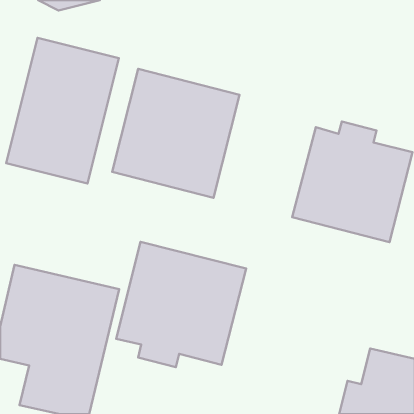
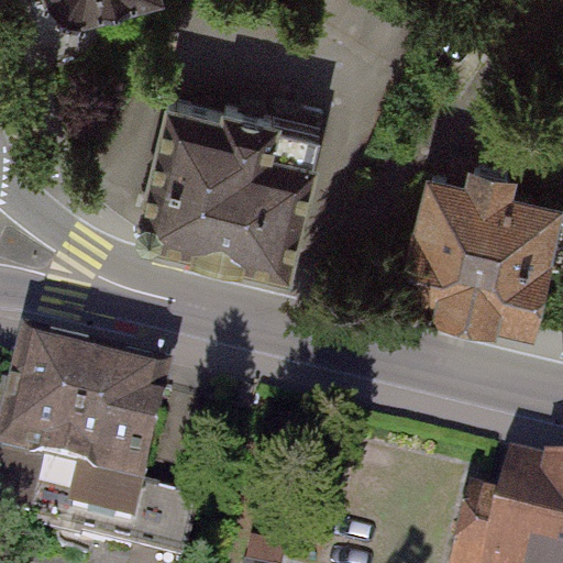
building: [6,38,119,184] -> none
building: [116,242,246,367] -> none

